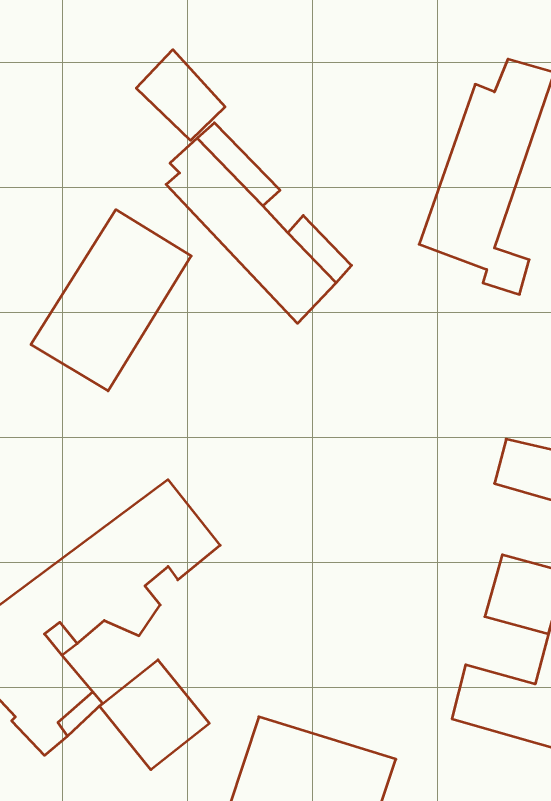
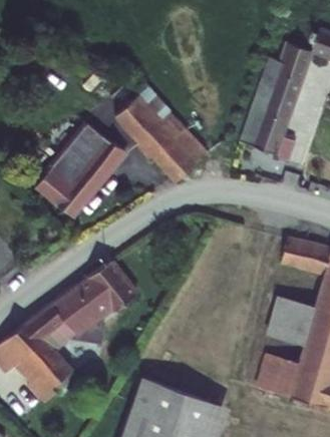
building: [136,50,225,140] -> none
building: [99,660,209,770] -> none

